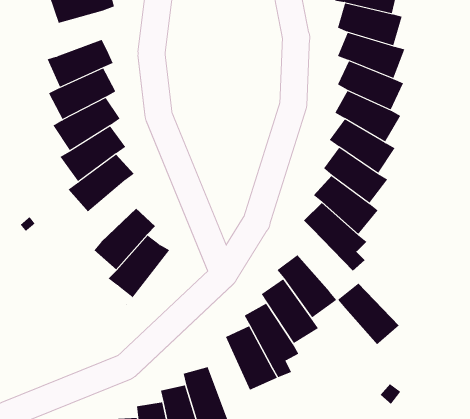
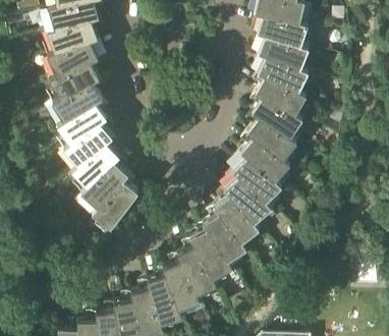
building: none -> [50,19,98,52]
building: none -> [73,142,119,185]
building: [337,283,400,345] -> [225,176,270,221]
building: none -> [163,261,199,307]

